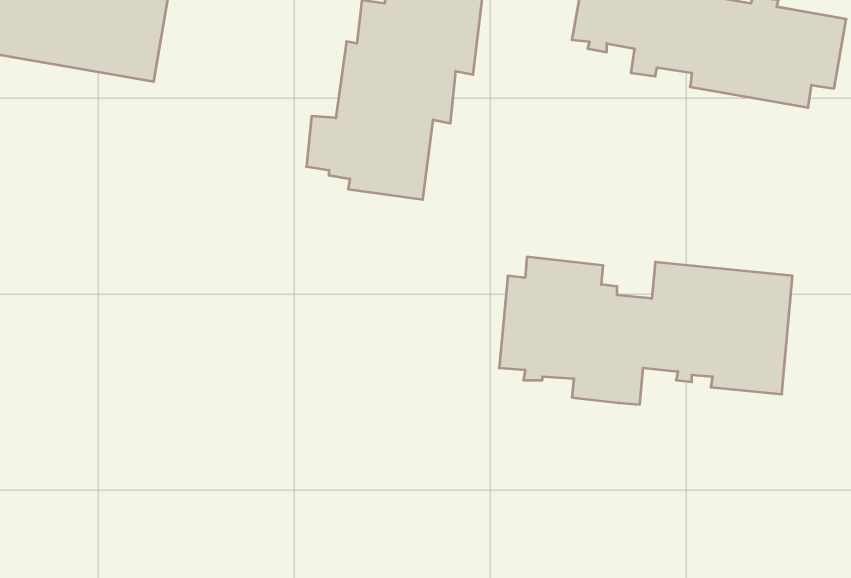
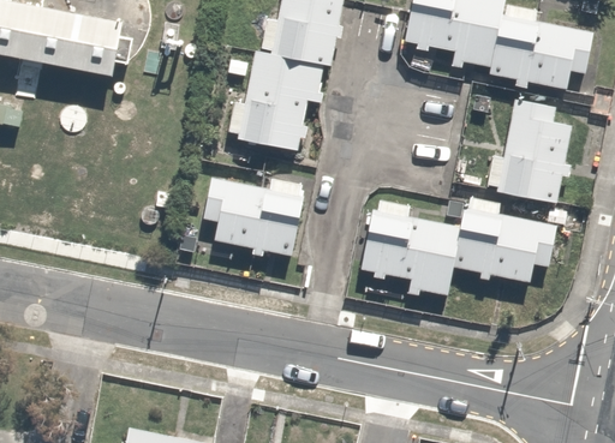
building: none -> [480,92,569,203]
building: none -> [204,172,310,257]

